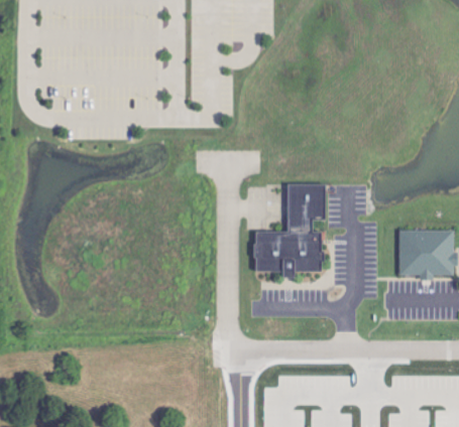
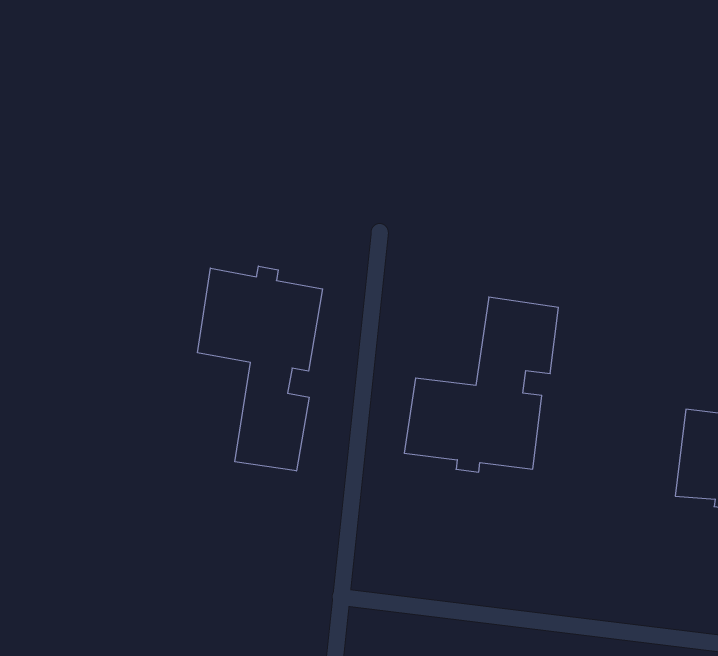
building: none -> [198,266,323,471]

